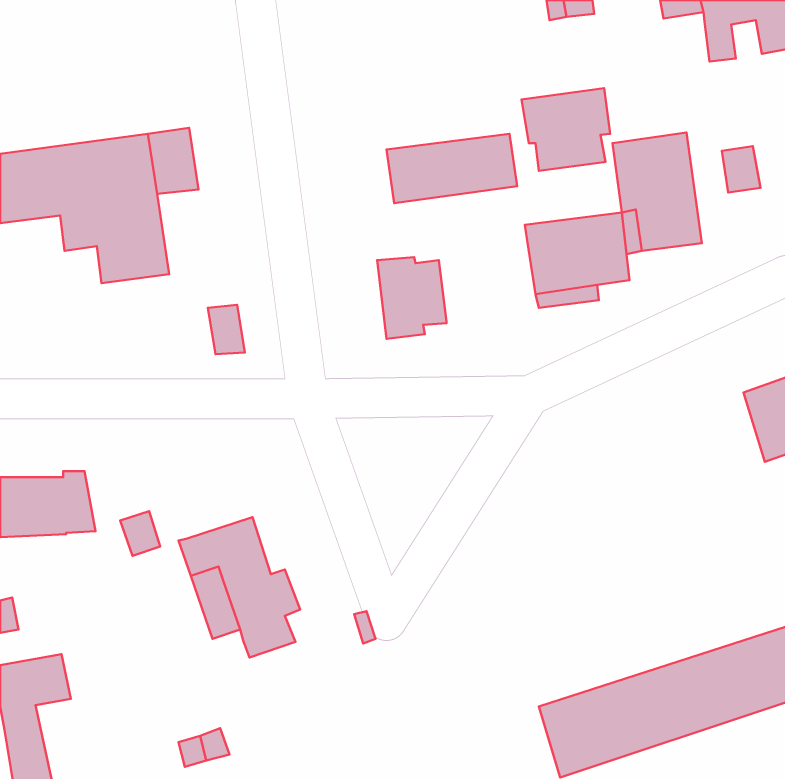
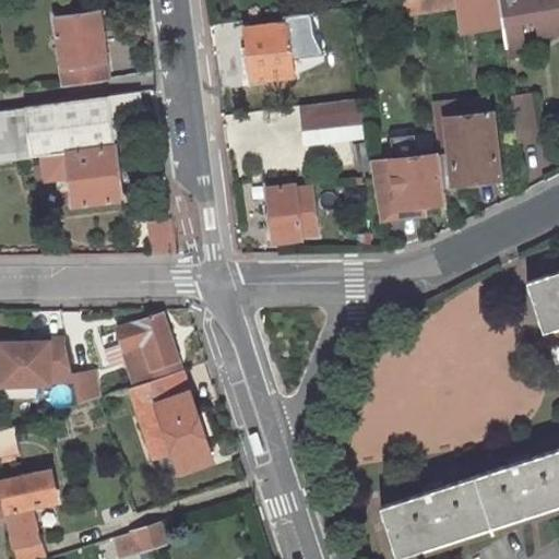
building: none -> [56,16,109,88]
building: none -> [247,26,311,82]
building: [521,88,610,171] -> none
building: none -> [115,319,180,388]

